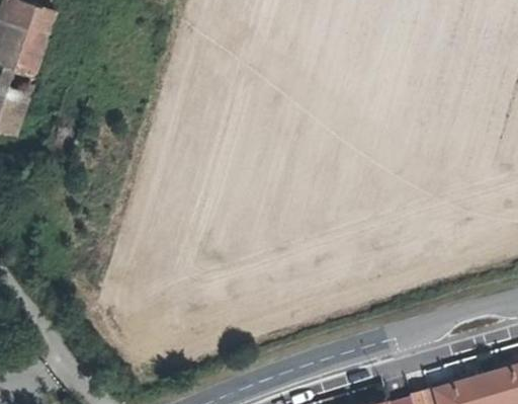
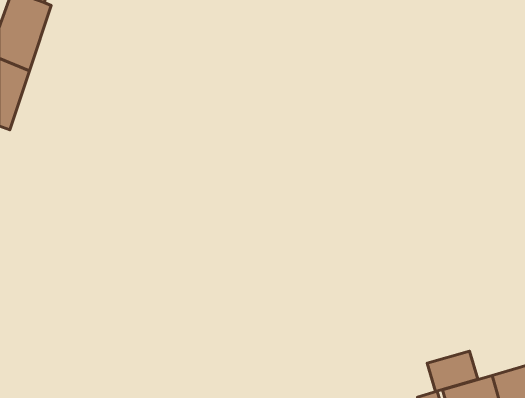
building: none -> [427,351,478,391]

